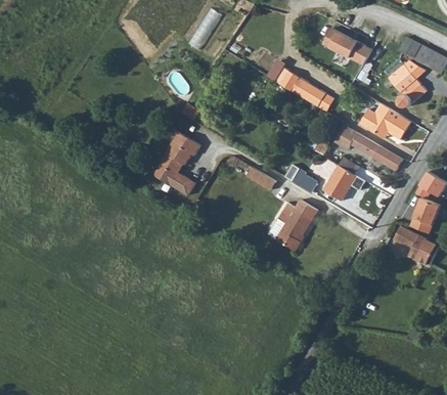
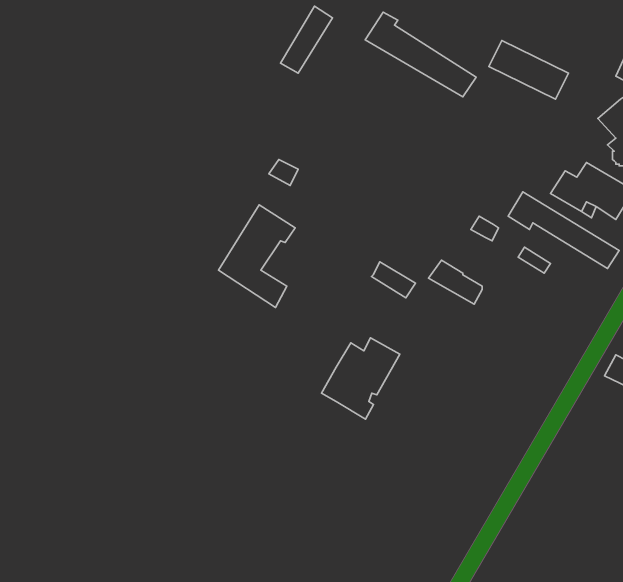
building: [265,58,334,112] -> [365,12,476,97]
building: [324,166,366,202] -> none
building: [269,200,318,251] -> [322,338,400,419]

